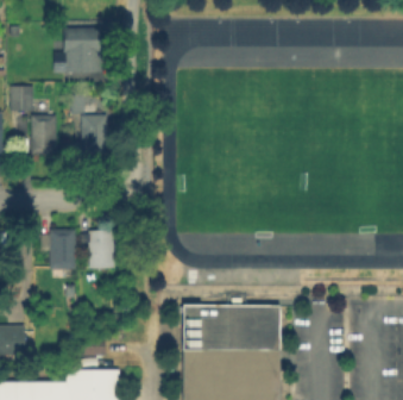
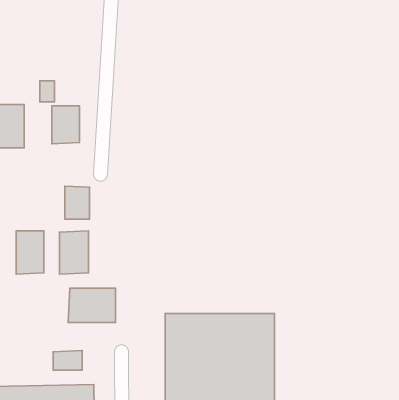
building: [55,26,106,71] -> none
building: none -> [65,186,89,219]
building: none -> [68,288,116,322]

